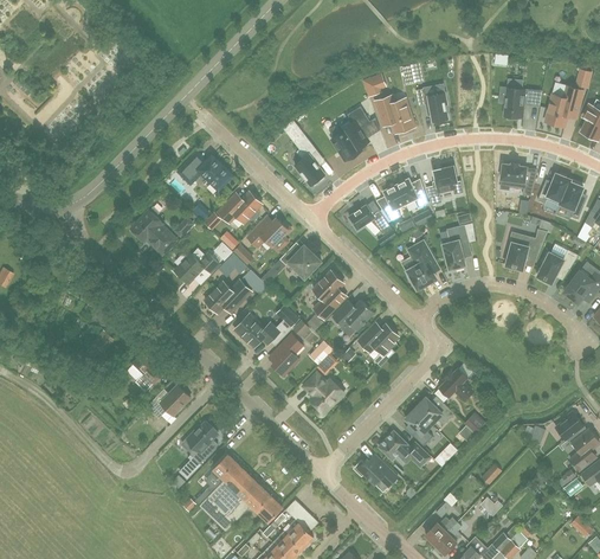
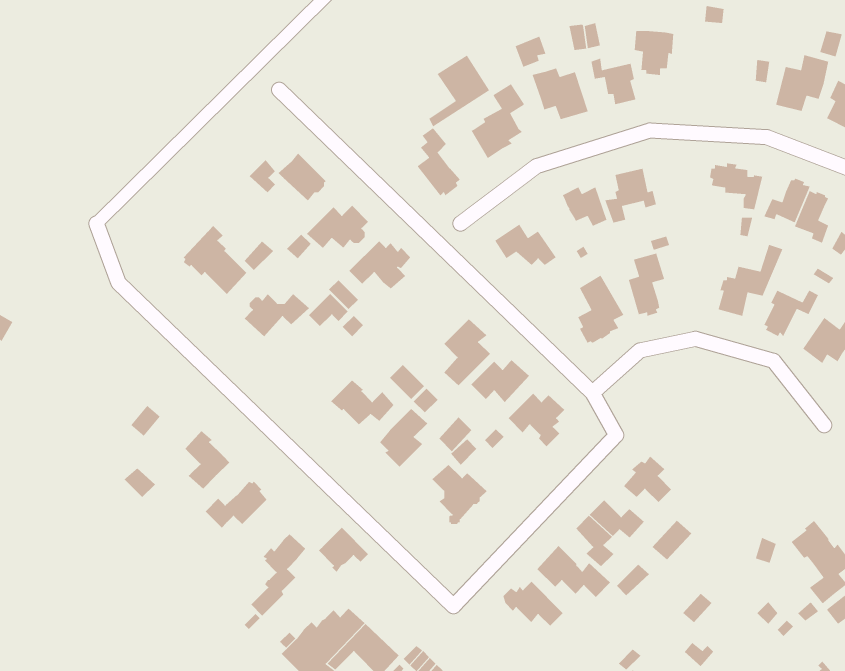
building: none -> [428,55,490,127]
building: [498,86,527,118] -> [634,30,674,76]
building: [375,184,405,220] -> none
building: [279,244,321,277] -> none
building: [204,278,250,311] -> none
building: [211,454,246,486] -> [318,527,369,573]

